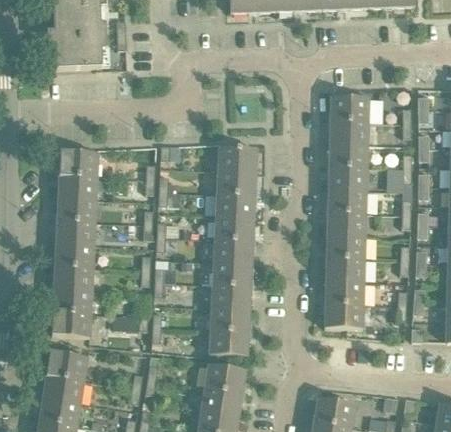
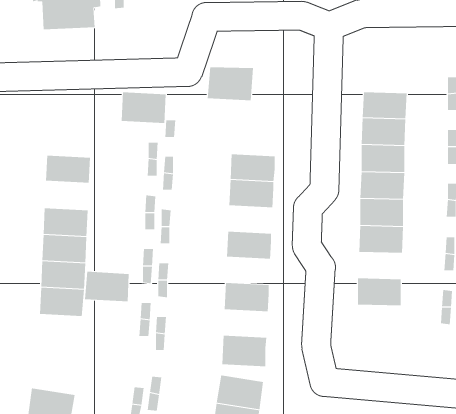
building: [330,96,368,122] -> none
building: [217,147,257,176] -> [207,67,254,101]
building: [59,150,98,177] -> [121,92,166,123]
building: [57,197,96,222] -> none
building: [214,218,253,242] -> none
building: [325,258,364,281] -> none
building: [212,262,251,286] -> none
building: [324,303,363,328] -> none
building: [210,307,249,331] -> none
building: [51,311,90,337] -> [84,271,130,302]
building: [46,351,87,380] -> none

